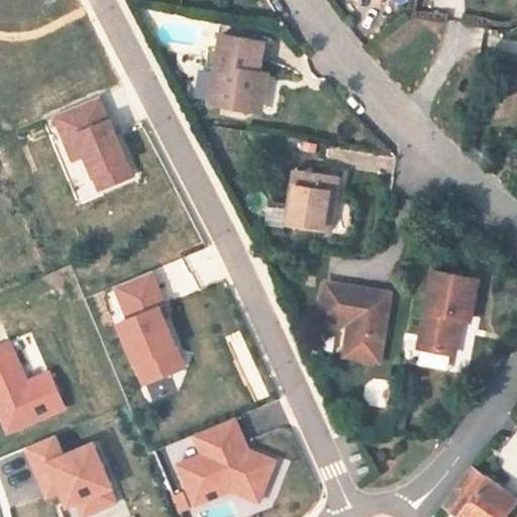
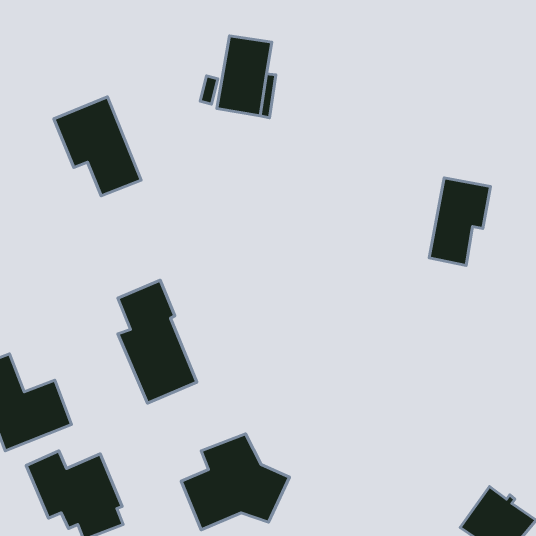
building: [284,173,337,235] -> none
building: [417,273,476,356] -> [429,178,490,265]
building: [319,286,388,363] -> none

